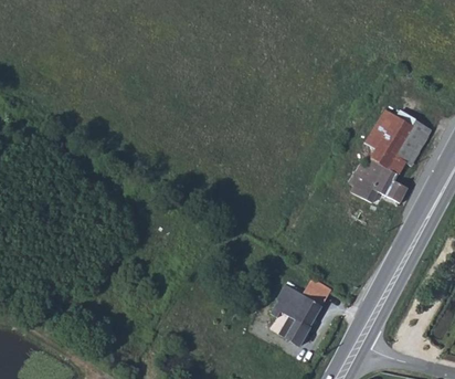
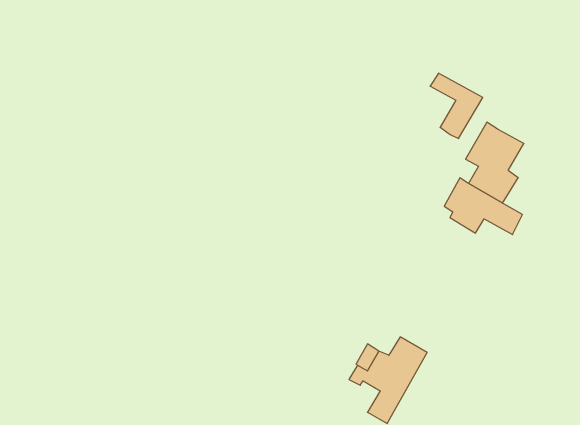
building: [388,108,428,159] -> [430,73,483,139]

